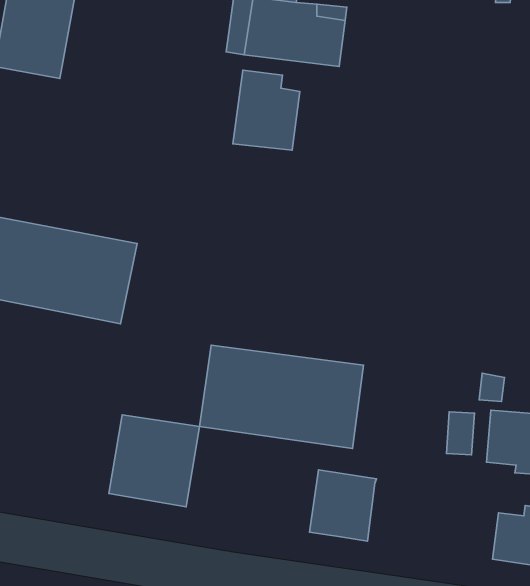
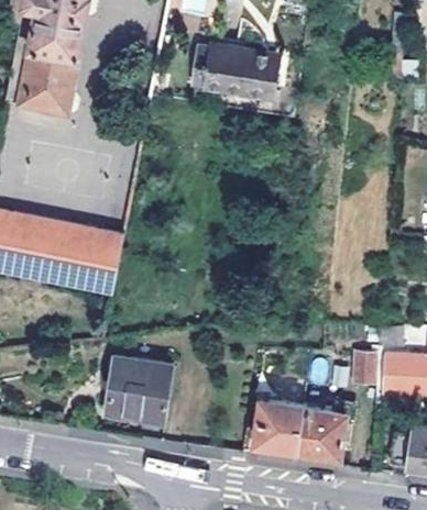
building: [233,70,300,150] -> none
building: [199,345,364,449] -> none
building: none -> [296,409,344,457]

